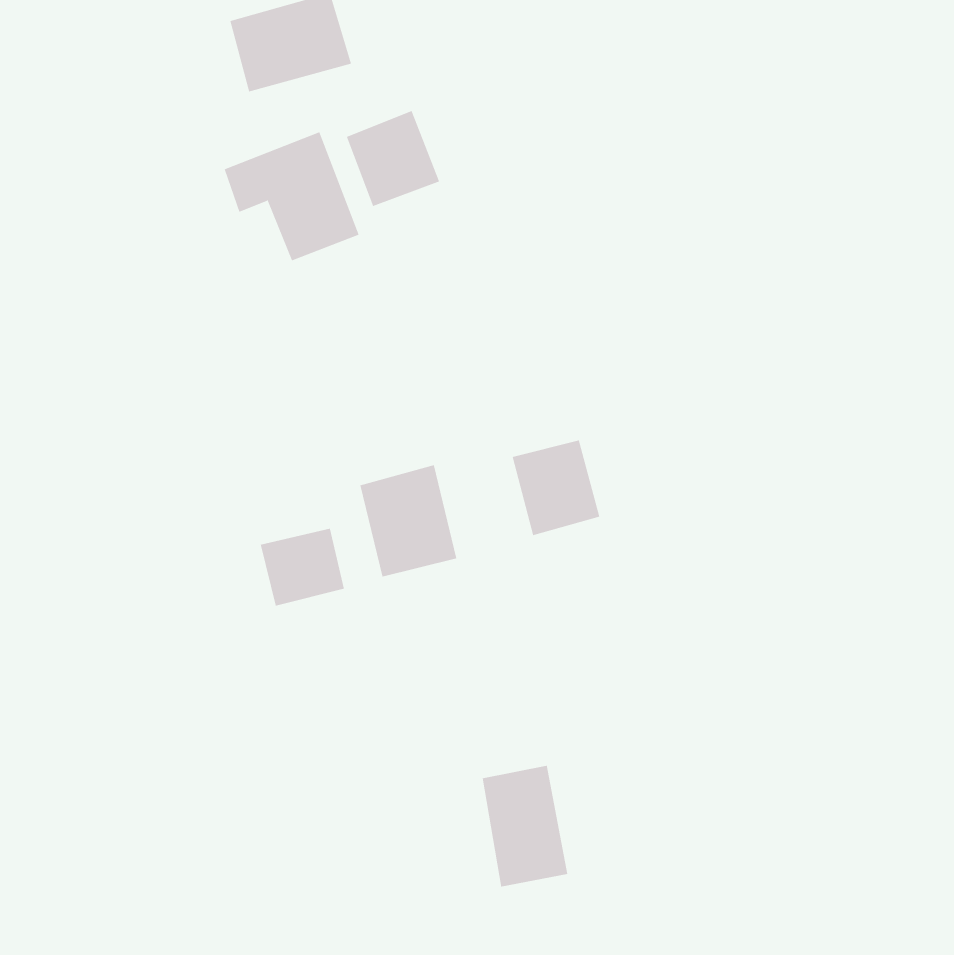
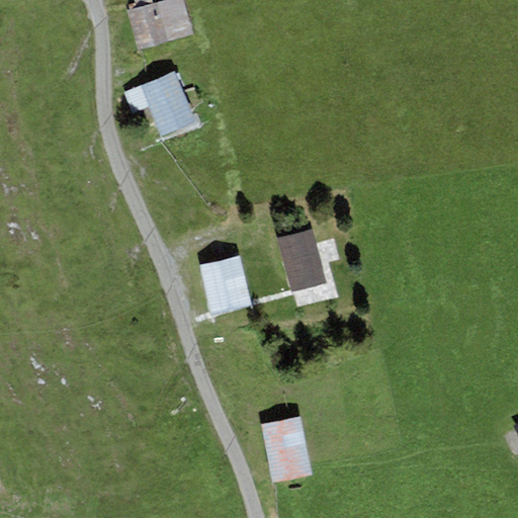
building: [346,110,440,207] -> none
building: [260,528,345,607] -> none

